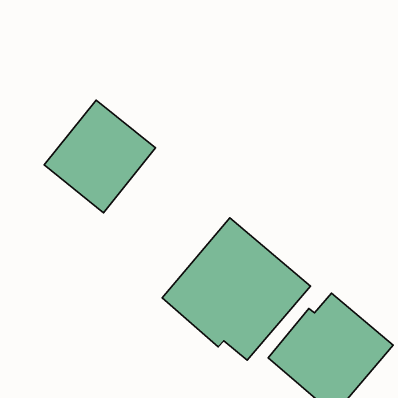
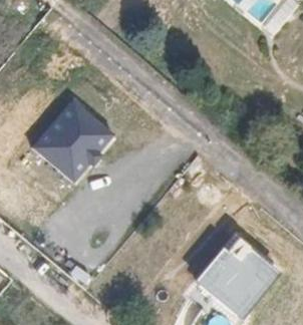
building: [162,218,311,360] -> none

